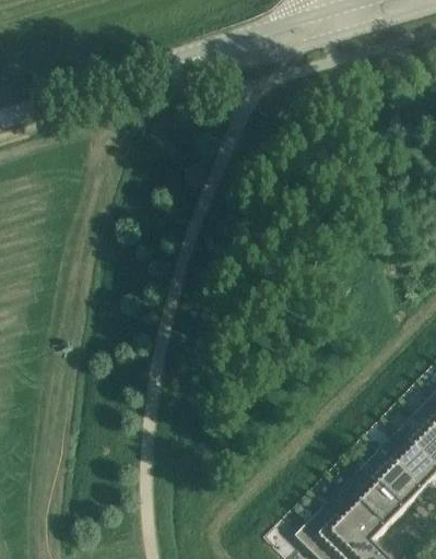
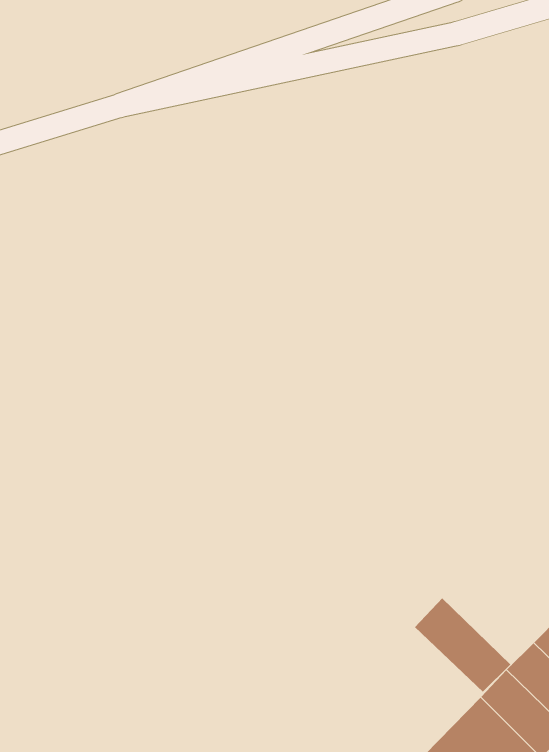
building: none -> [414,597,511,693]

